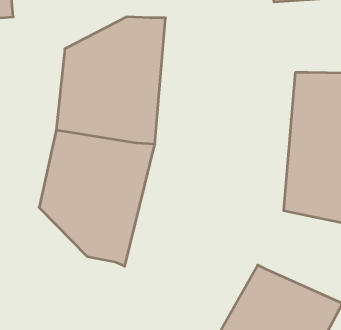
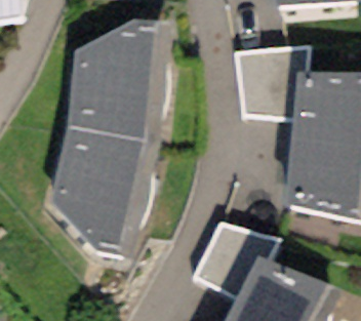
building: none -> [235,47,311,118]
building: none -> [192,223,281,297]

